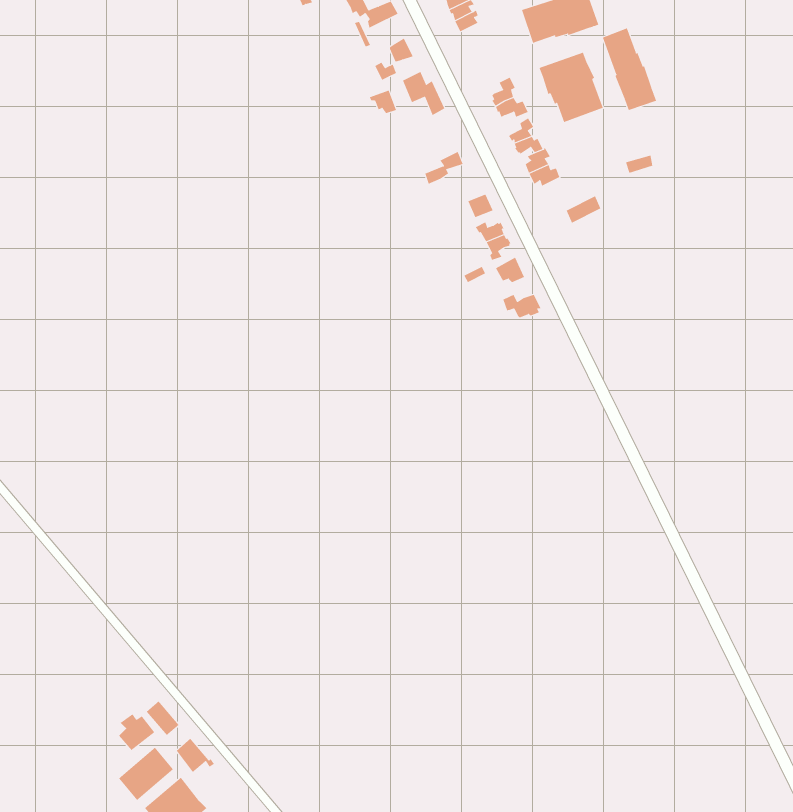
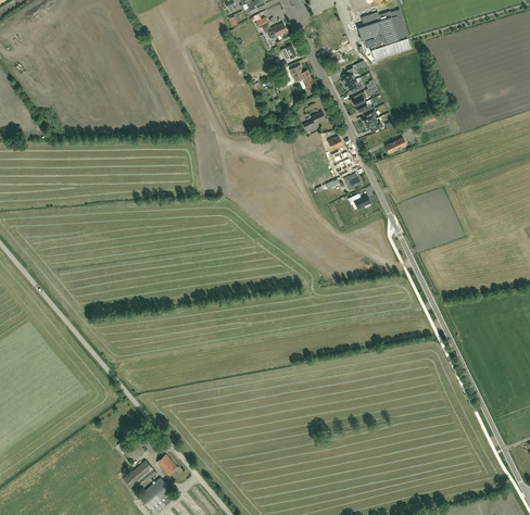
building: [602,28,657,111] -> none
building: [539,52,604,123] -> none

